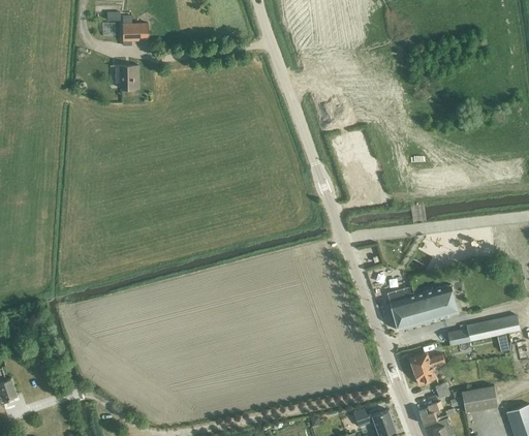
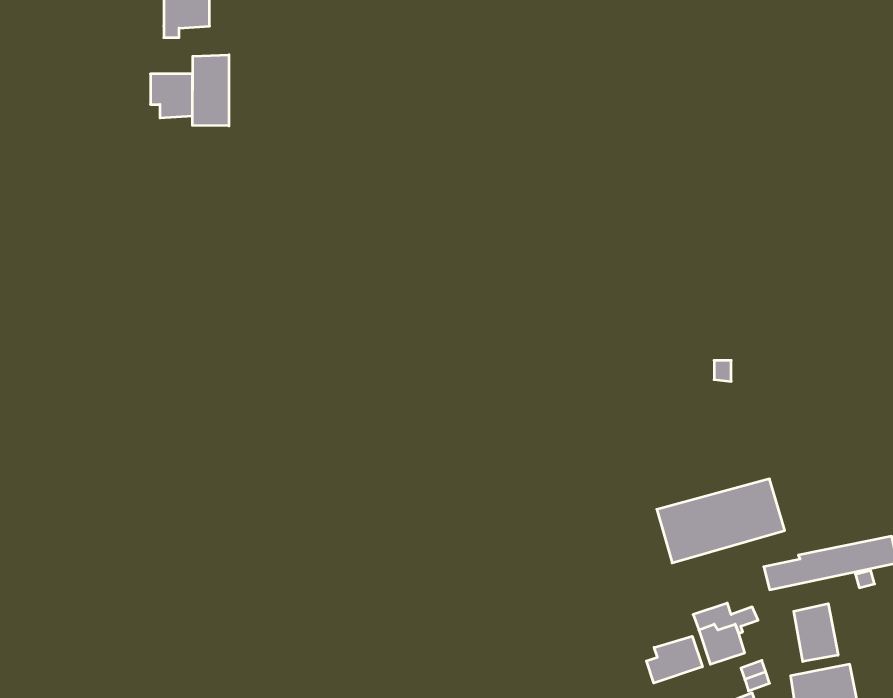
building: none -> [192,55,229,126]
building: none -> [794,604,838,662]
building: none -> [646,636,702,683]

